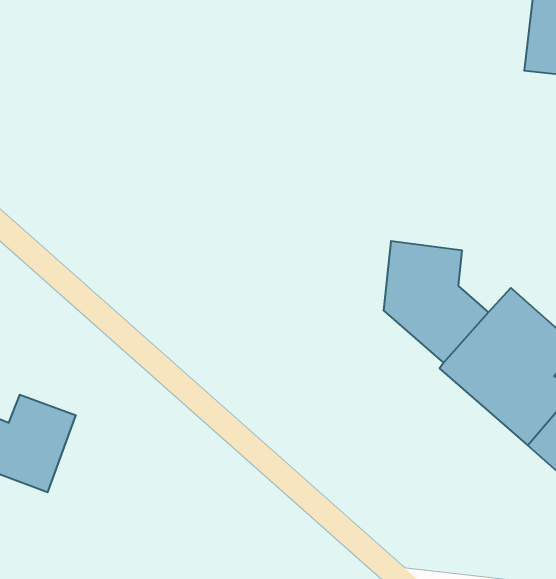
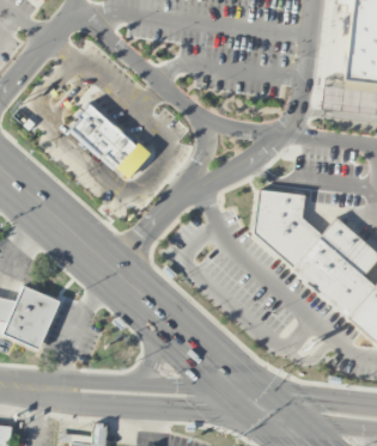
building: none -> [73,104,151,178]

